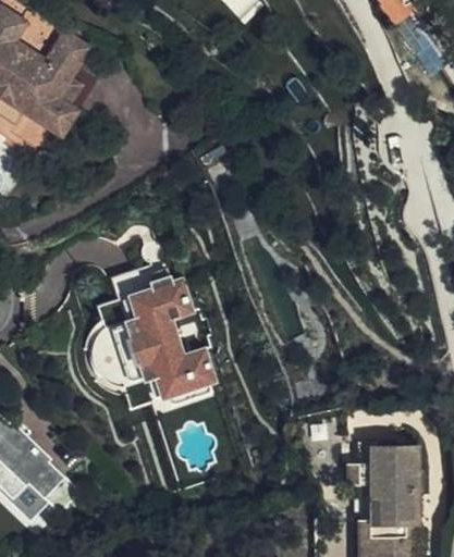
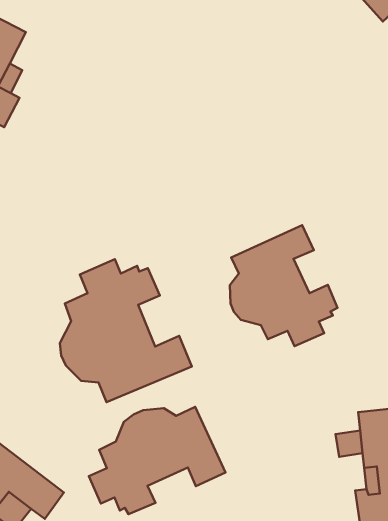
building: none -> [230,225,338,346]
building: none -> [89,407,226,514]

